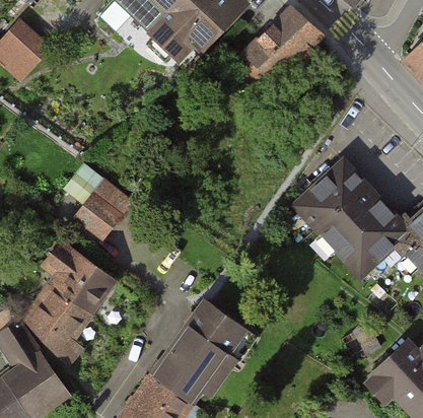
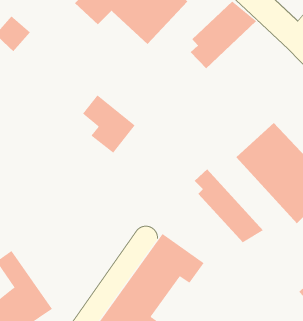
building: [66,164,132,237] -> [82,95,135,153]
building: none -> [194,169,264,243]
building: [26,239,115,364] -> none

